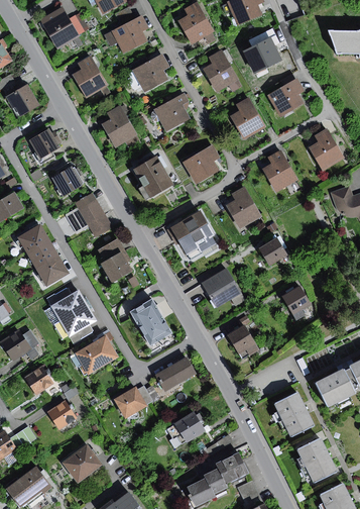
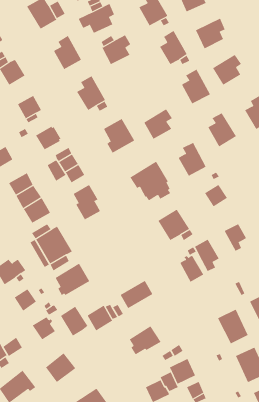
building: [150,91,190,131] -> none
building: [130,298,171,345] -> none
building: none -> [194,239,219,272]
building: none -> [60,306,88,337]

